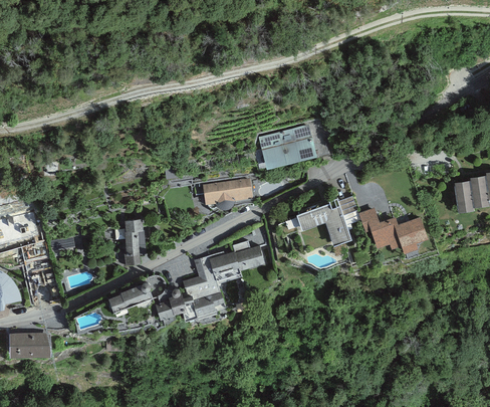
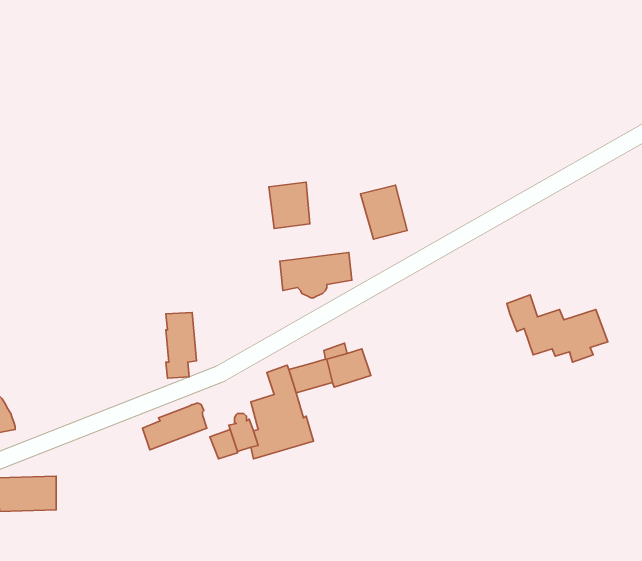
building: [282,125,316,163] -> none
building: none -> [269,182,310,228]
building: [296,196,360,246] -> none

